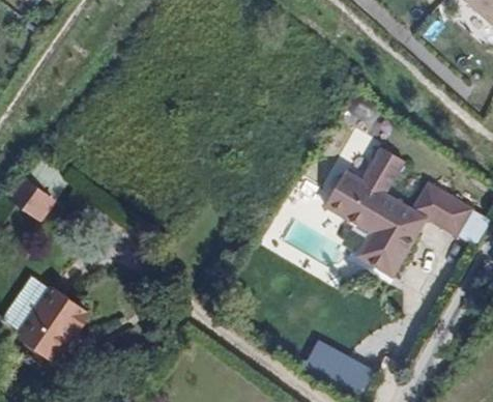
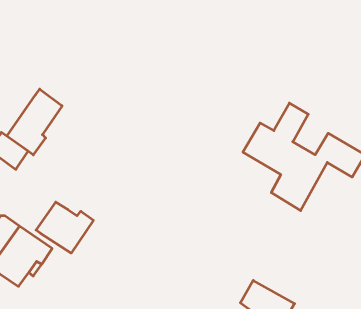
building: none -> [7,89,62,155]
building: none -> [36,202,93,253]

